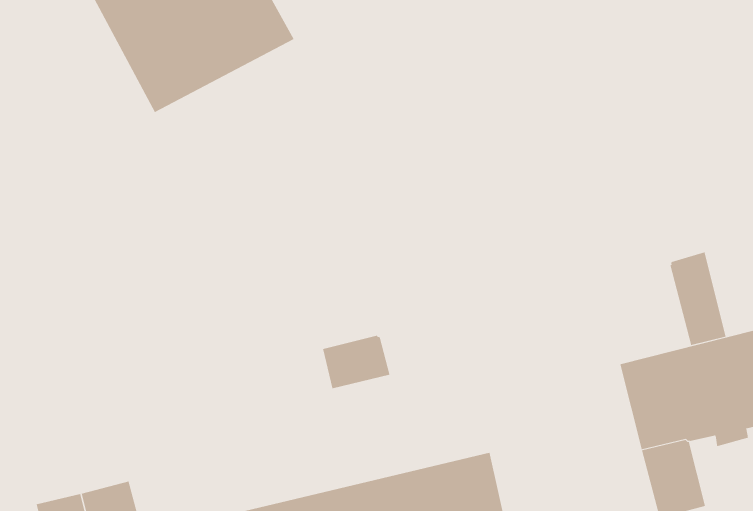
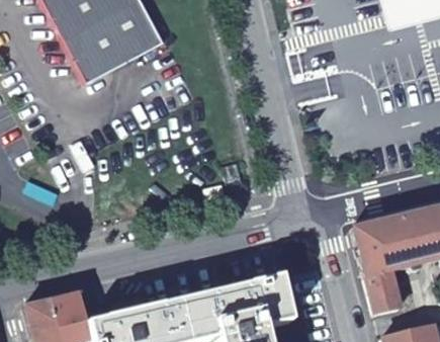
building: [670,252,726,346] -> none
building: [323,335,390,389] -> none

